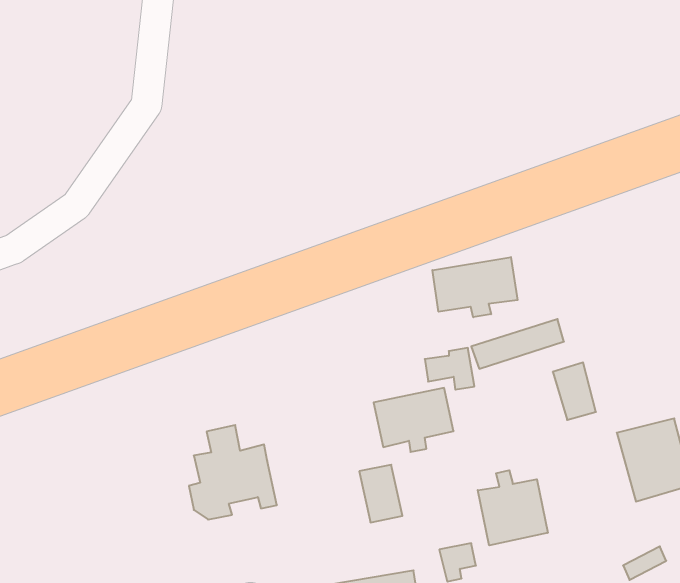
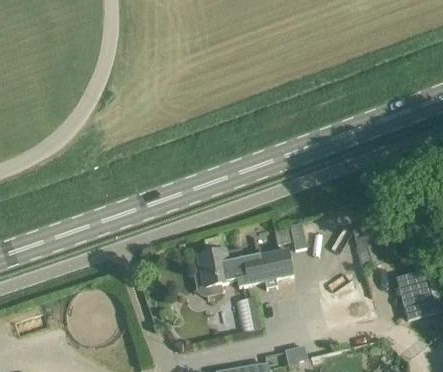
building: [432,257,518,317] -> none
building: [189,425,277,520] -> [193,235,248,294]
building: [478,470,548,545] -> none

